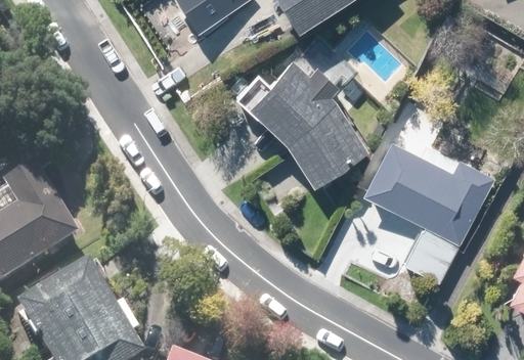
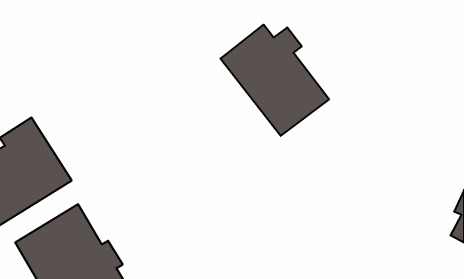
building: [363,141,494,282] -> none

